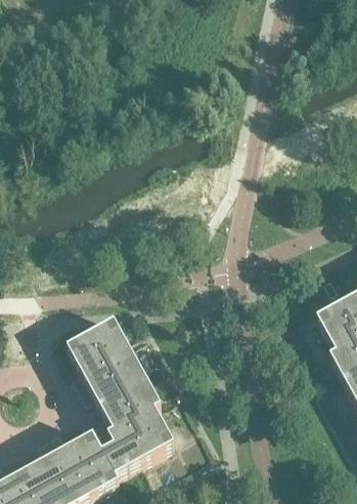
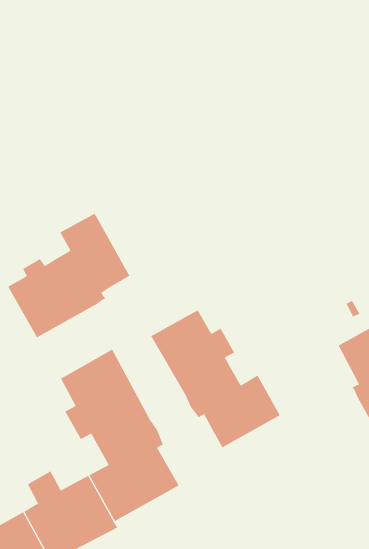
building: none -> [8,213,130,338]
building: none -> [150,310,281,448]

